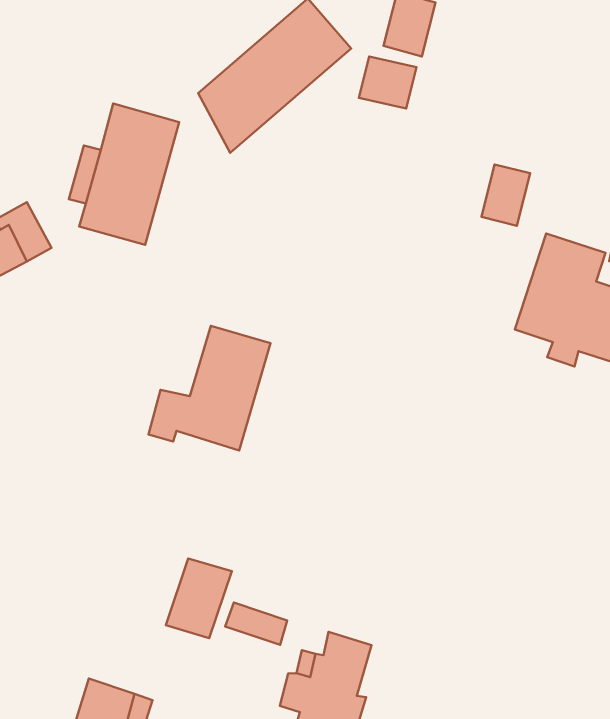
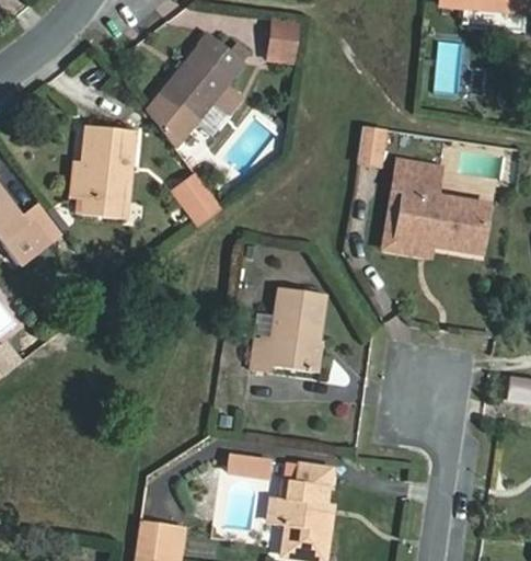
building: [359,57,416,109] -> none
building: none -> [171,171,221,225]
building: [149,326,271,451] -> [249,288,322,371]
building: [166,558,232,638] -> none

